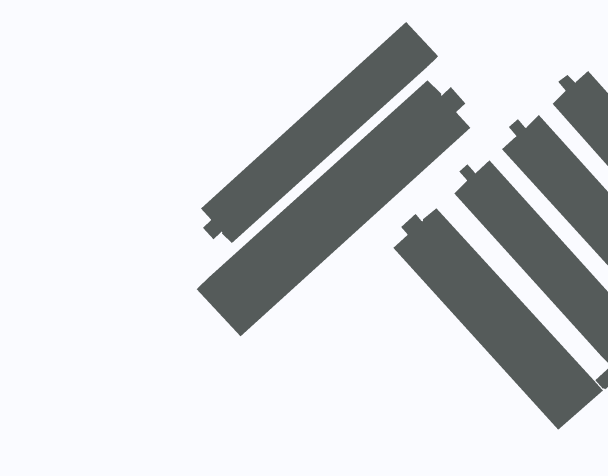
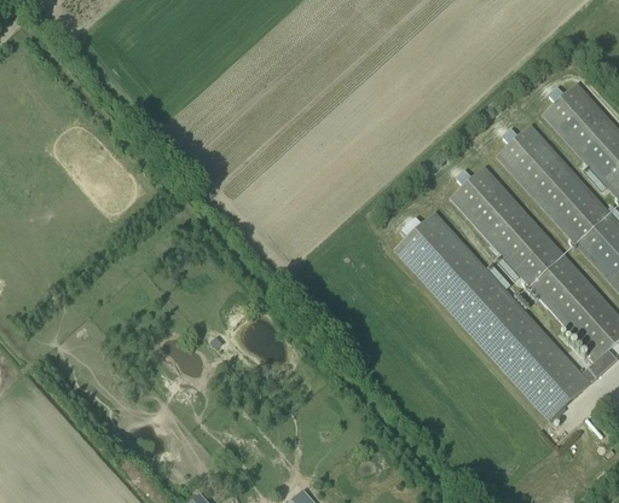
building: [200,21,439,244] -> none
building: [196,80,471,337] -> none

